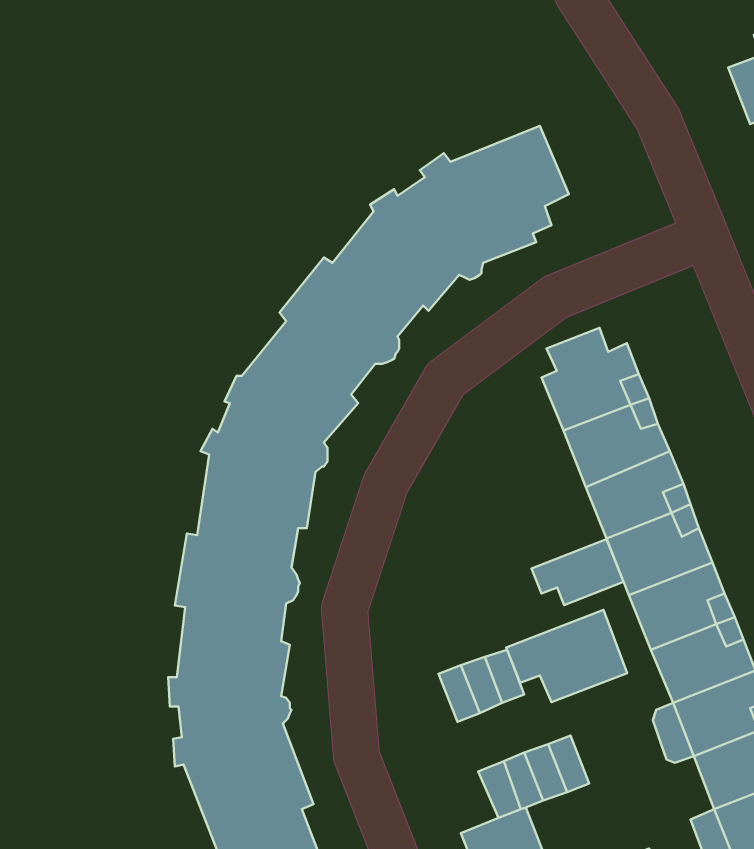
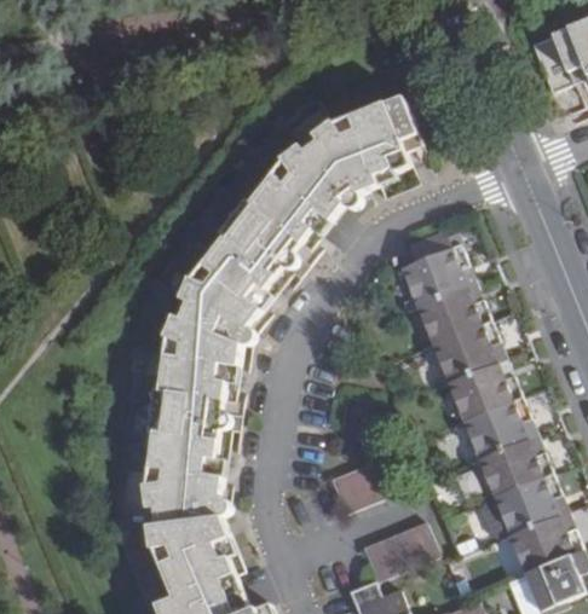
building: [531,539,624,605] -> none
building: [506,610,627,702] -> none

